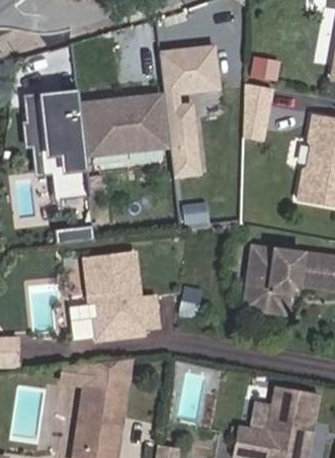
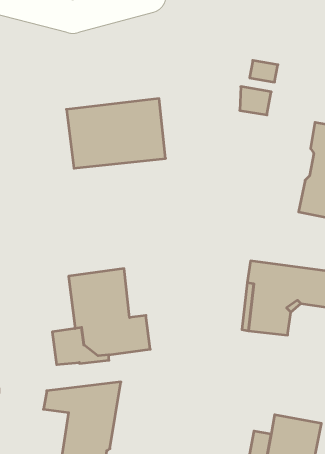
building: [162,43,223,179] -> none
building: [24,91,92,200] -> none

